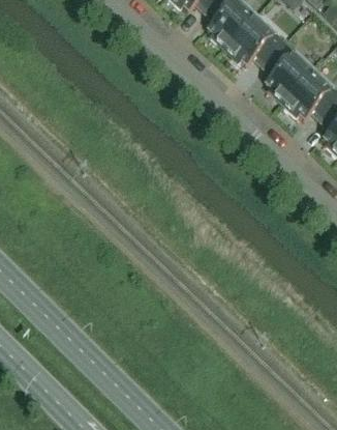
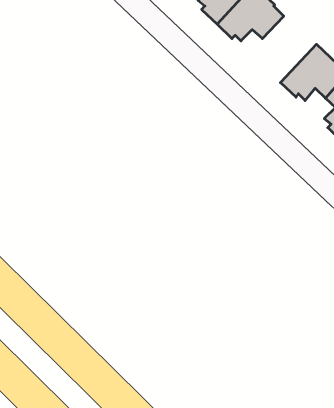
building: [264,41,314,103] -> none

